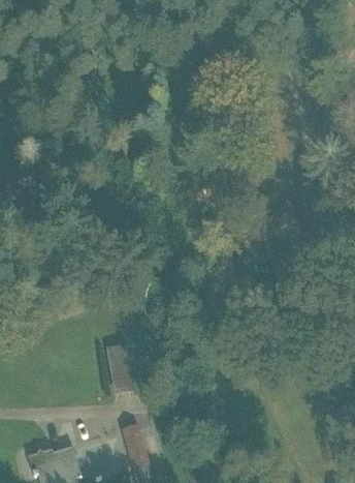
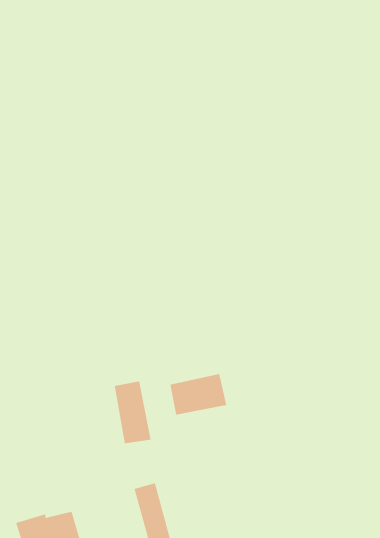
building: none -> [169,373,227,416]

